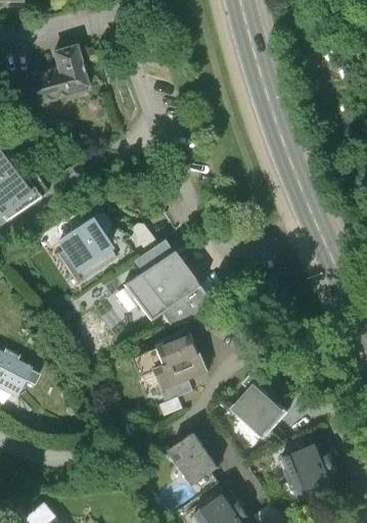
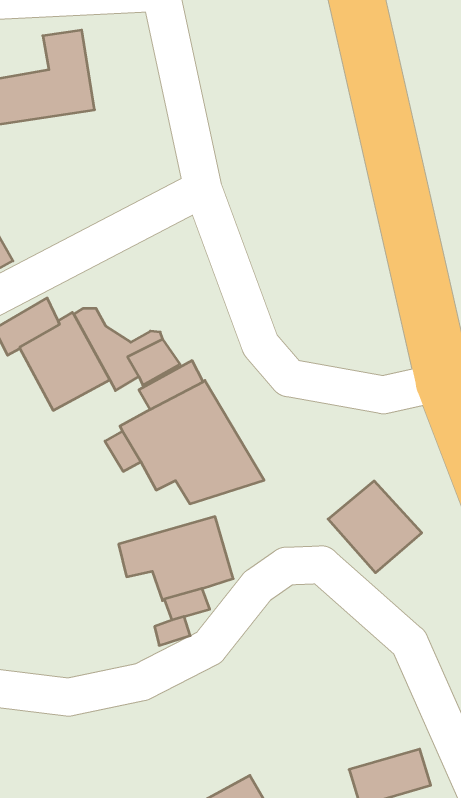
building: [229,382,287,438] -> [328,481,422,573]
building: [169,434,218,485] -> none
building: [279,440,330,479] -> none

